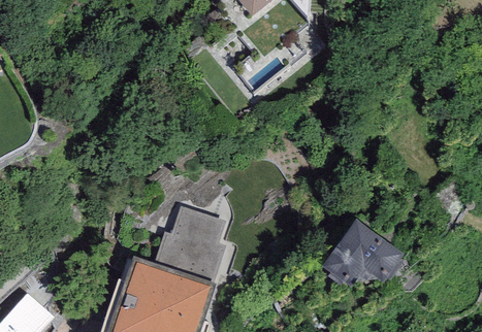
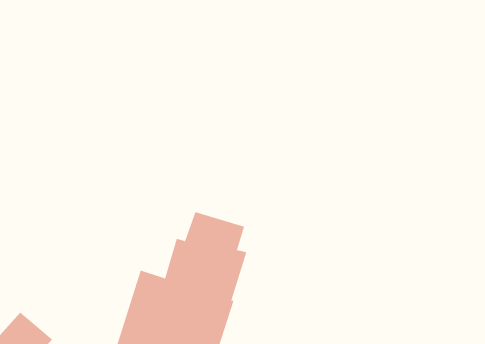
building: [320,221,405,291] -> none

